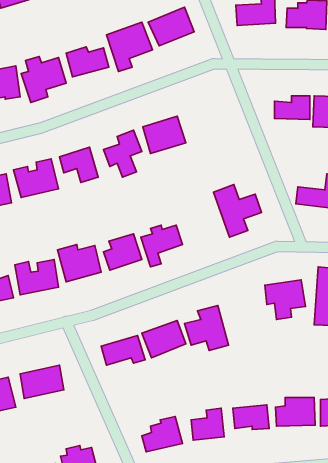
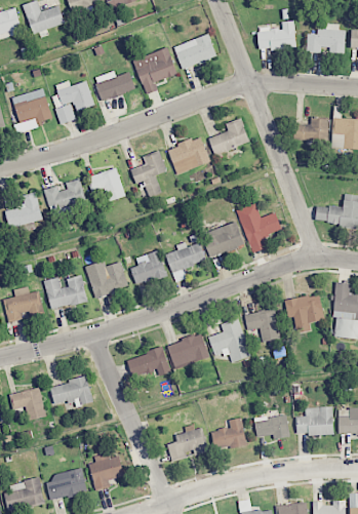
building: none -> [208,118,249,155]
building: none -> [202,222,244,256]
building: none -> [244,309,280,342]

